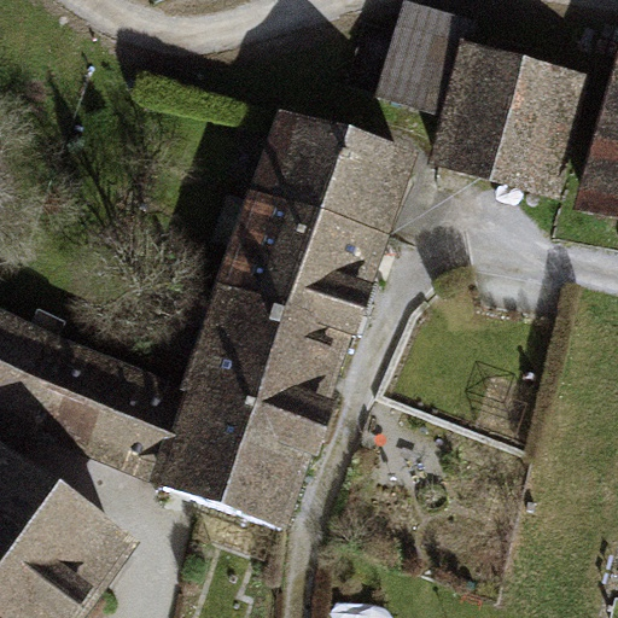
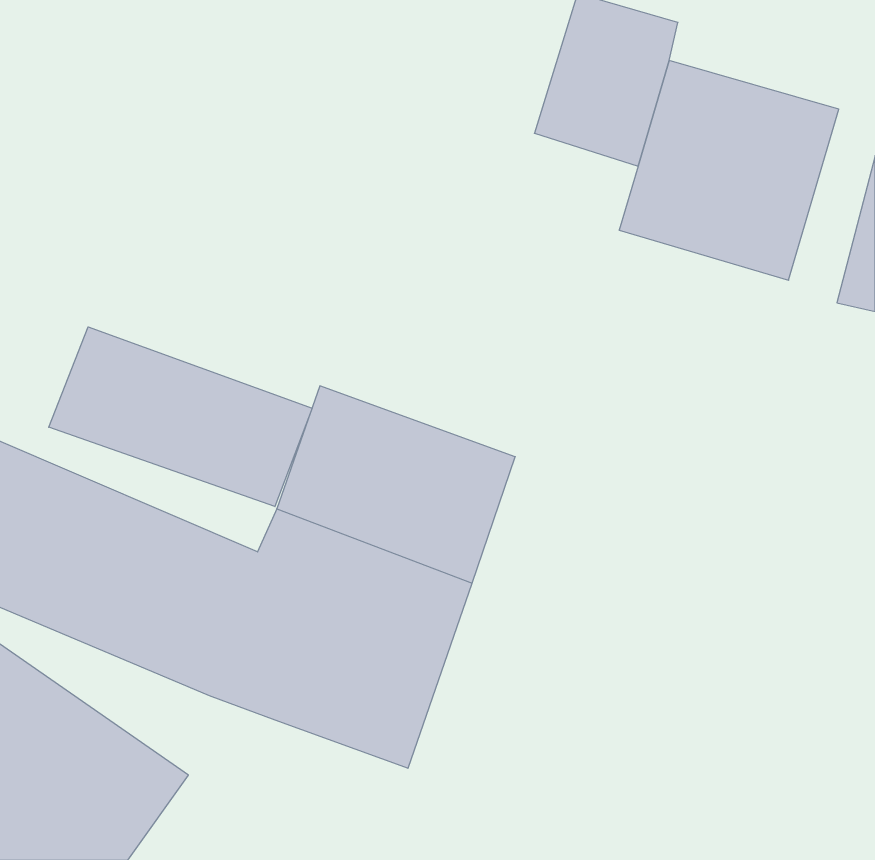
building: [223,110,416,319] -> none
building: none -> [49,327,312,507]

